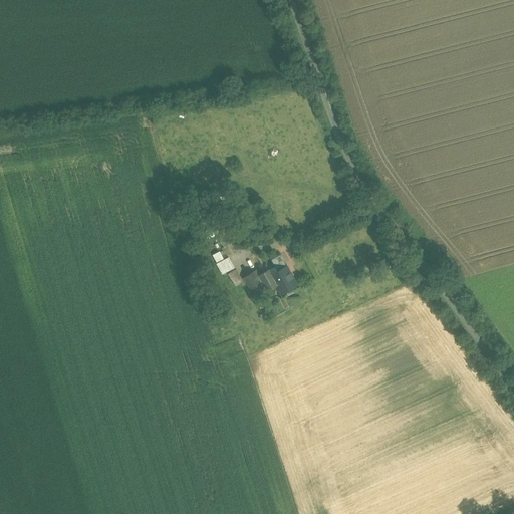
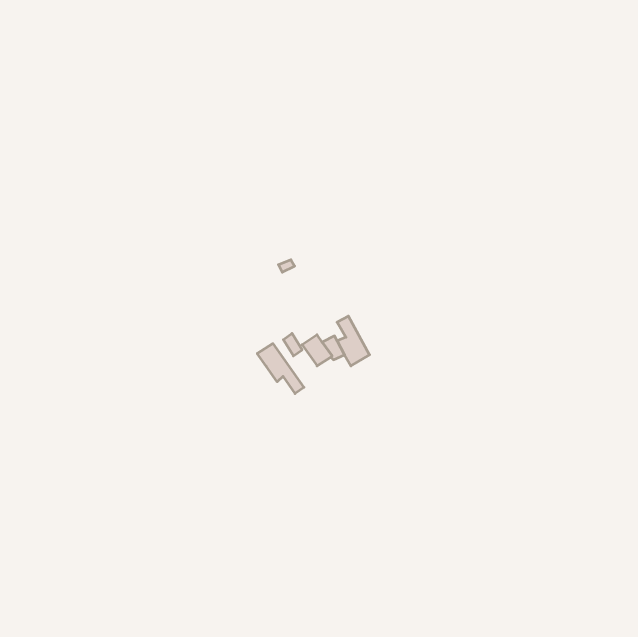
building: none -> [257,344,304,394]

